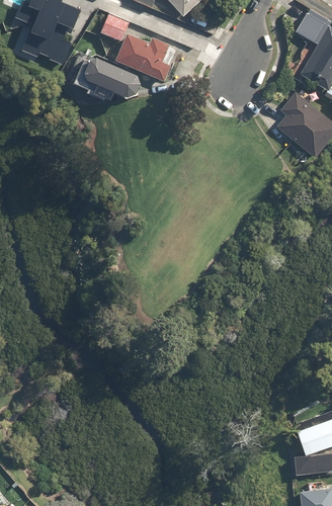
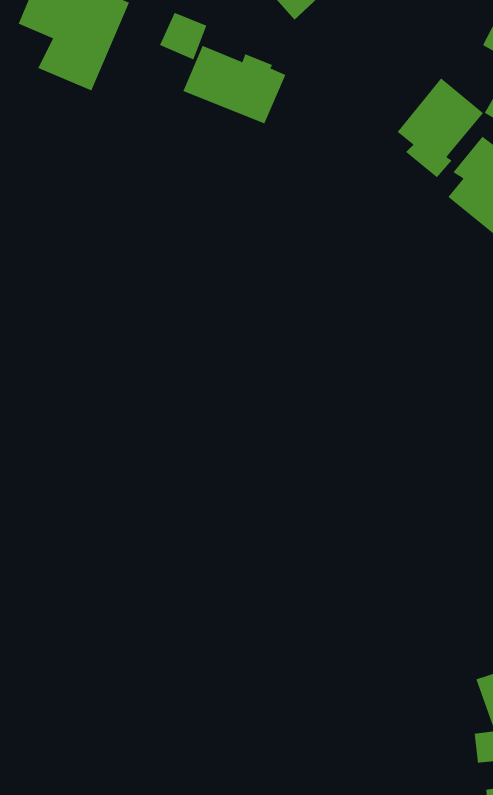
building: [72,49,139,97] -> none
building: none -> [397,77,484,178]

